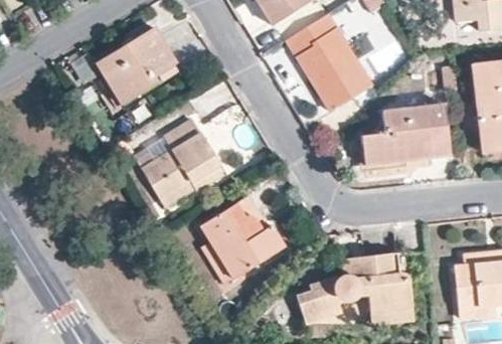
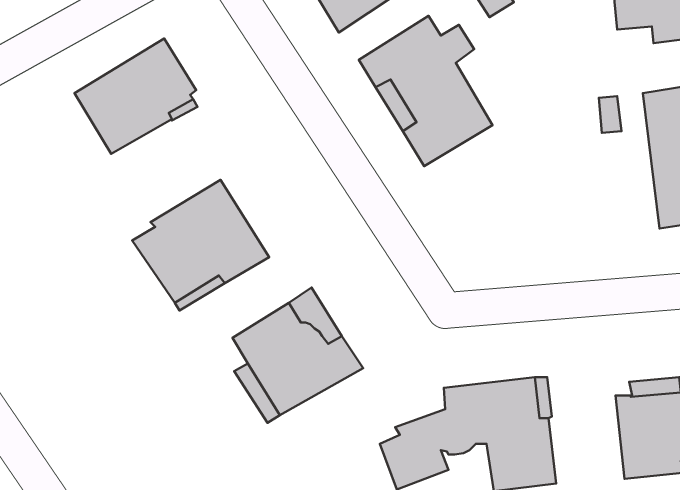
building: [362,105,452,164] -> none

